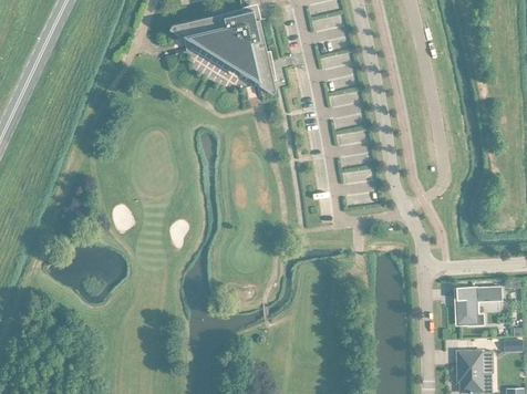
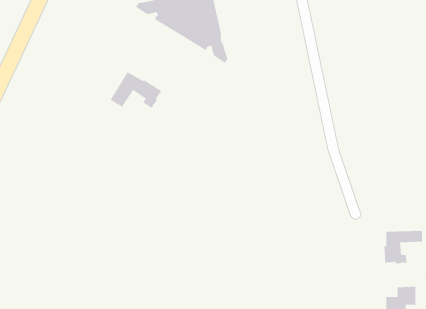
building: none -> [110,71,162,109]

